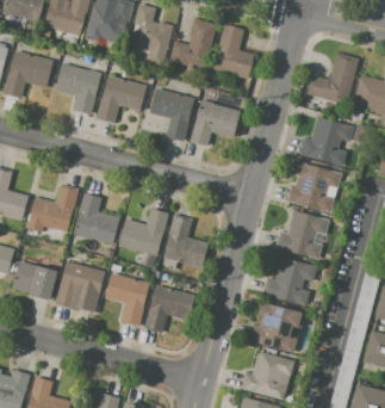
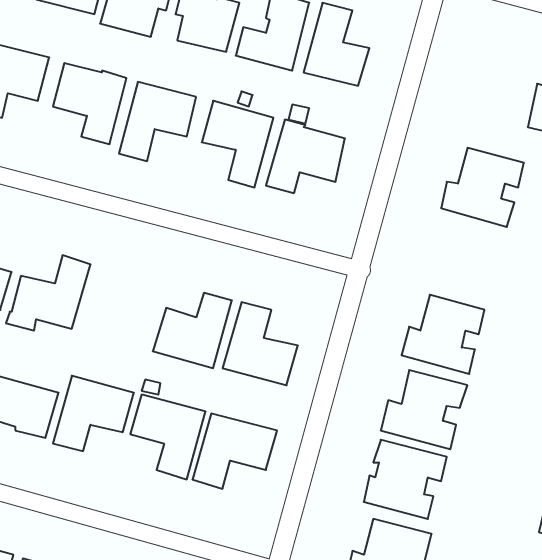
building: [306,54,358,104] -> none
building: [287,161,341,214] -> none
building: [73,193,120,243] -> none

